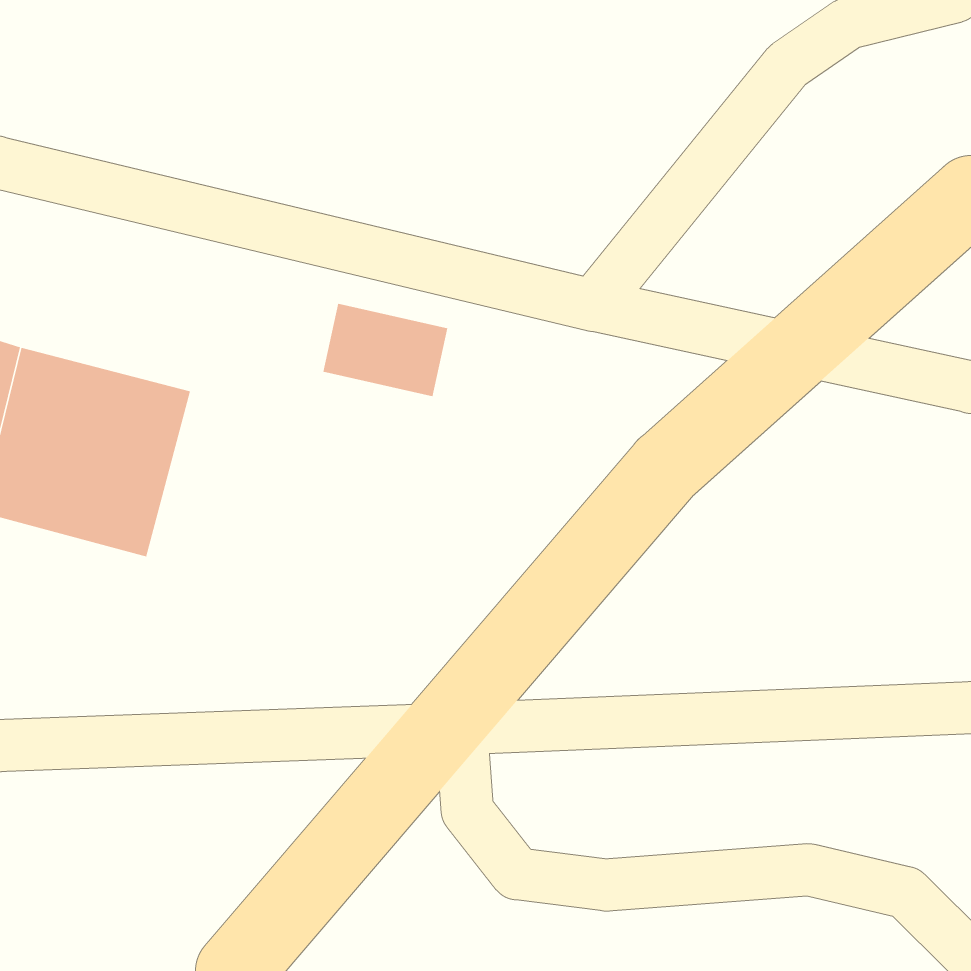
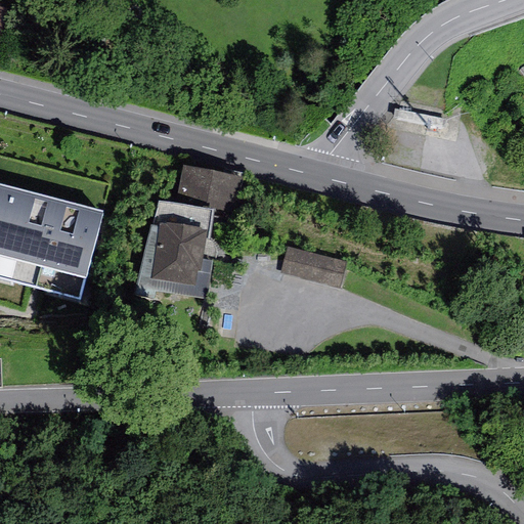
building: none -> [141,202,219,298]
building: none -> [286,249,344,283]

